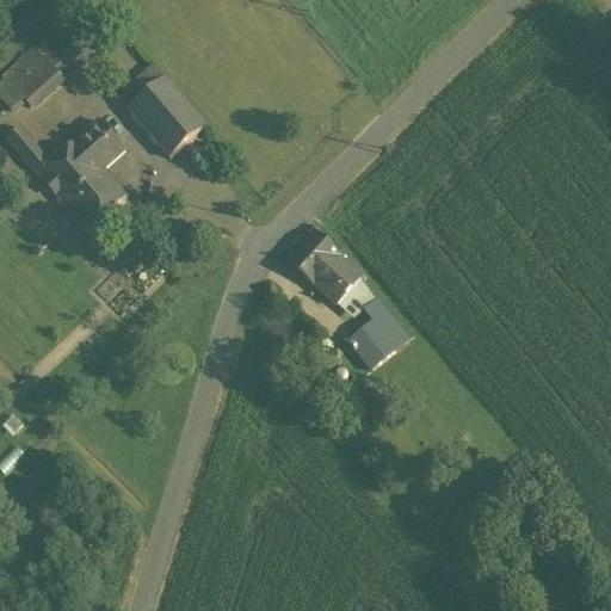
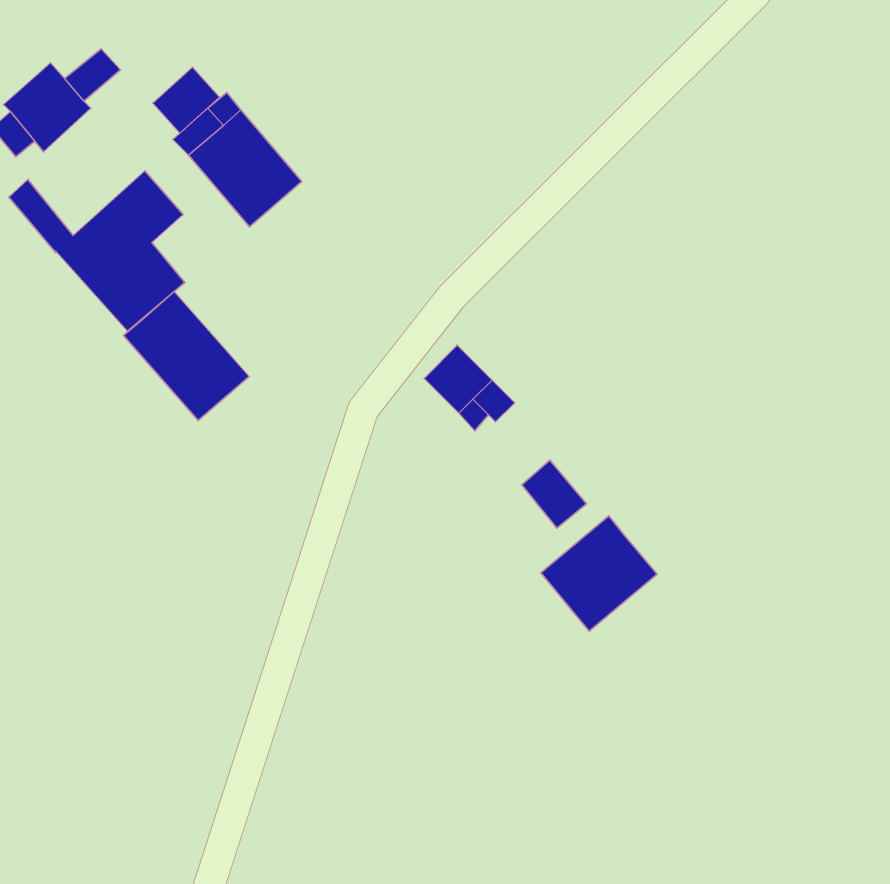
building: none -> [153,67,220,133]
building: none -> [123,292,249,421]
building: none -> [541,516,657,631]

